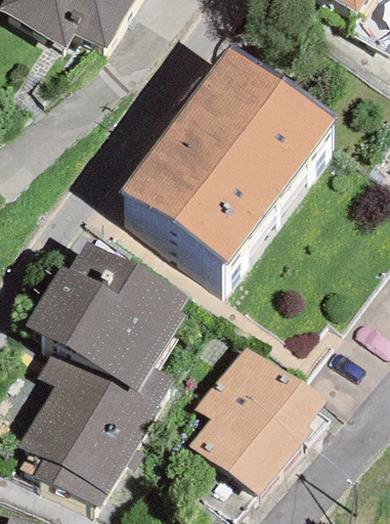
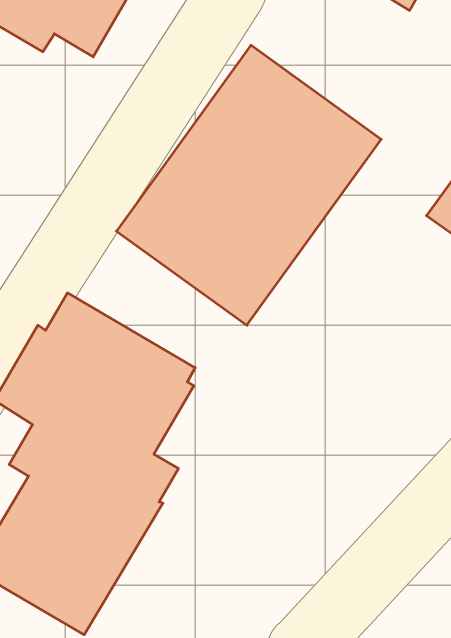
building: [189,342,328,495] -> none

